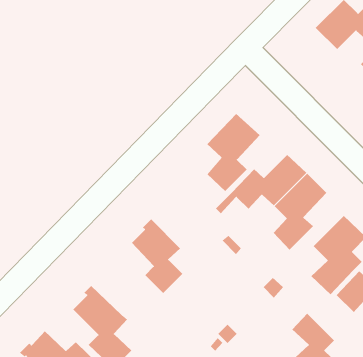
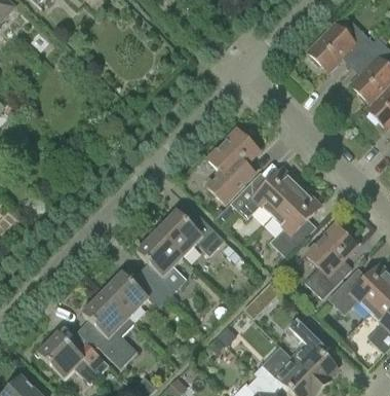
building: none -> [156,210,225,255]
building: none -> [101,271,167,317]

